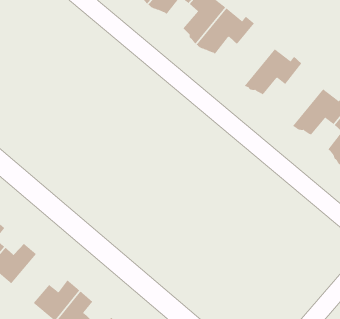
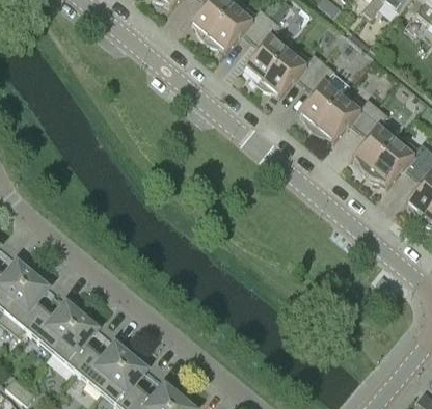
building: none -> [298,60,350,130]
building: none -> [352,105,401,174]
building: none -> [53,318,96,372]

